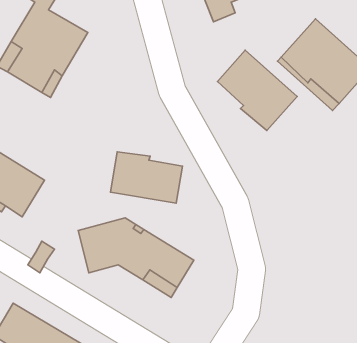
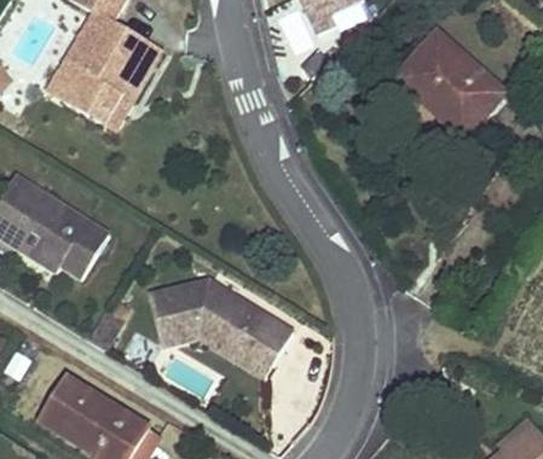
building: [218,50,297,131] -> none
building: [110,152,182,203] -> none

